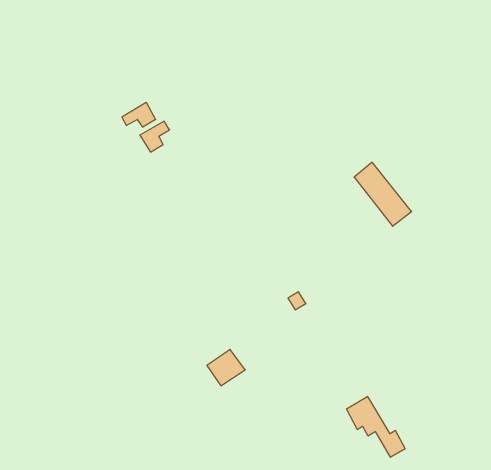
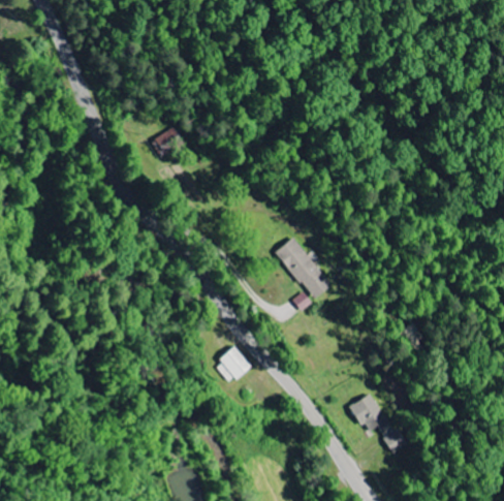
building: [122,102,156,127] -> none
building: [354,162,412,226] -> [276,237,332,299]

